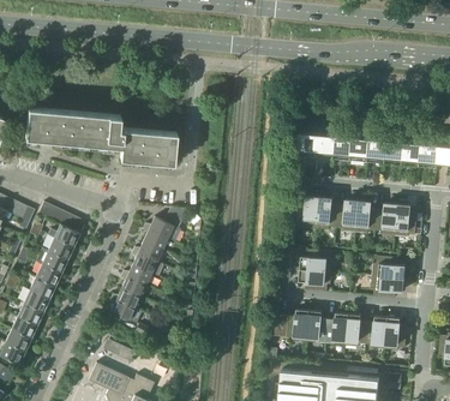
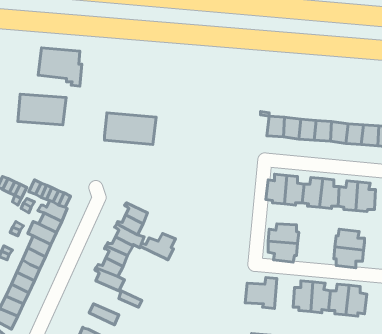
building: [76,112,124,154] -> [38,48,82,86]
building: [145,213,184,241] -> [140,233,176,260]
building: [307,310,329,343] -> none

